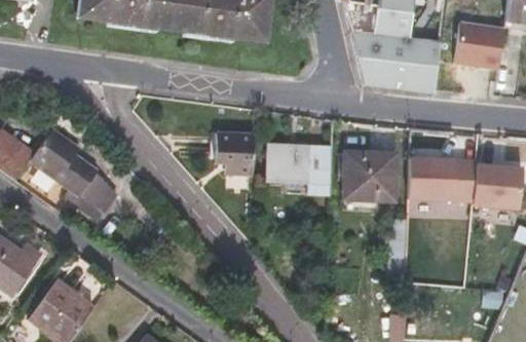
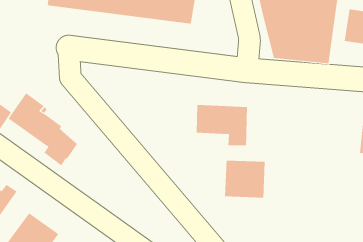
building: [215,131,255,175] -> none
building: [343,152,396,200] -> [224,160,266,198]
building: [408,157,455,200] -> none

